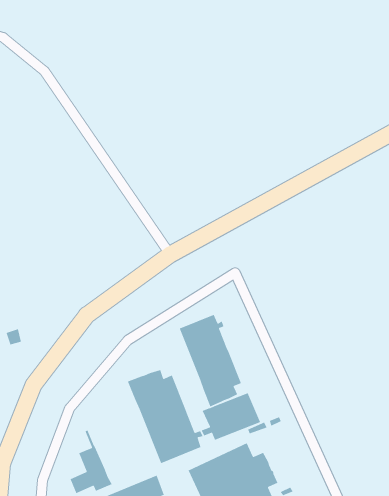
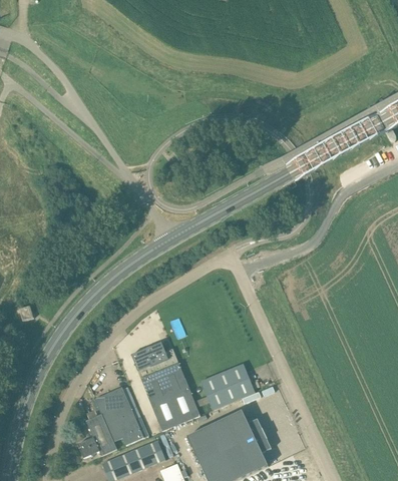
building: [179,314,242,407] -> none
building: none -> [94,387,147,445]

